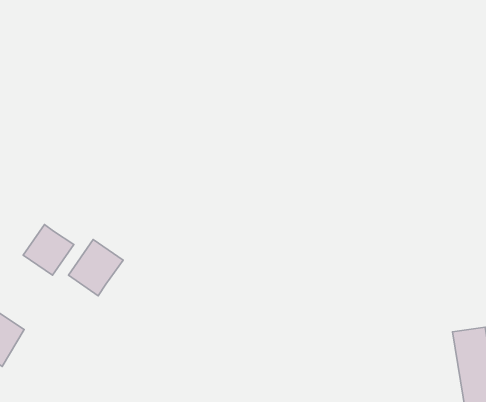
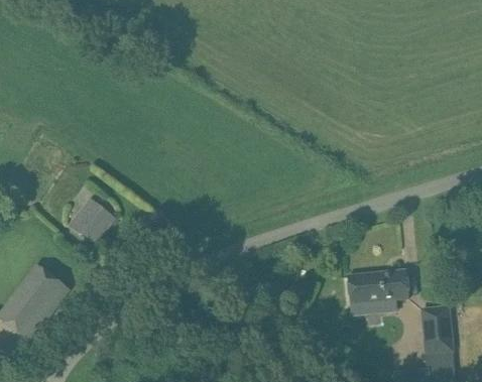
building: [68,240,123,296] -> none
building: none -> [347,273,408,306]

